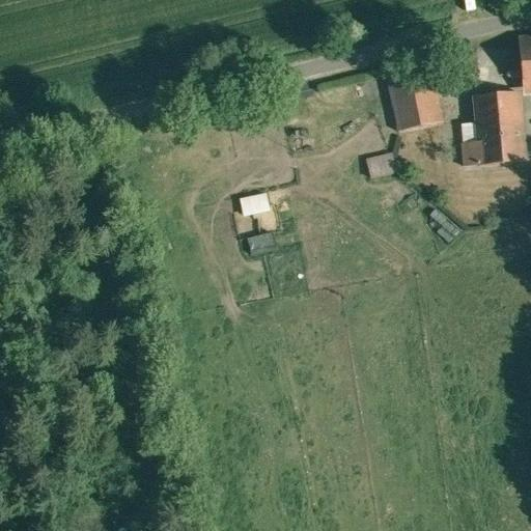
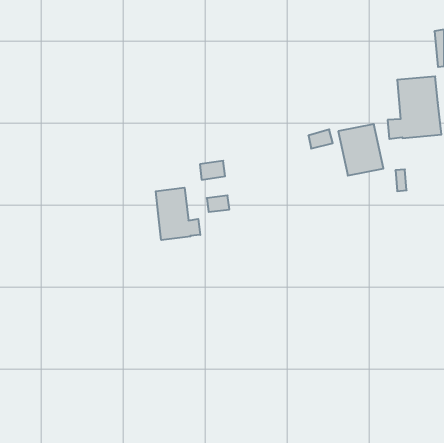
building: [389,69,443,131] -> [338,124,383,176]
building: none -> [156,188,200,240]

